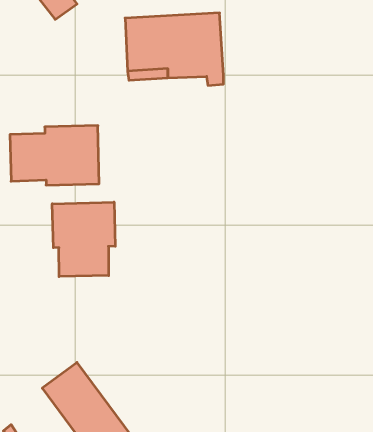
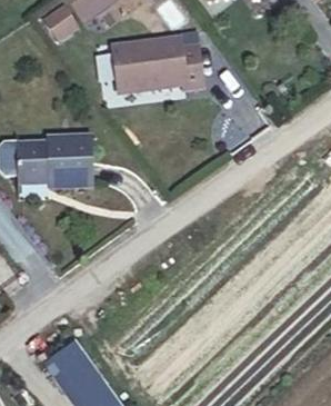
building: [52,202,115,277] -> none

